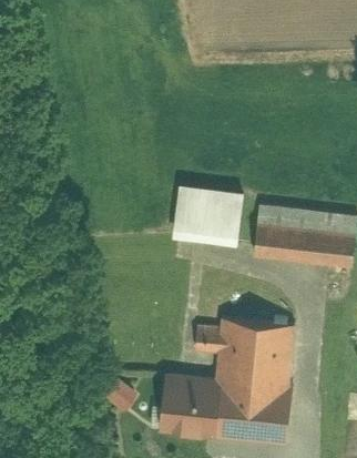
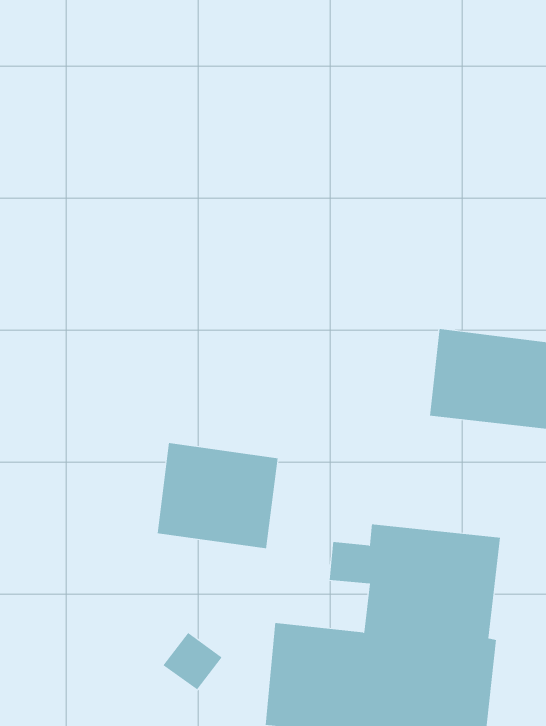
building: [173,183,243,244] -> [157,443,278,549]

